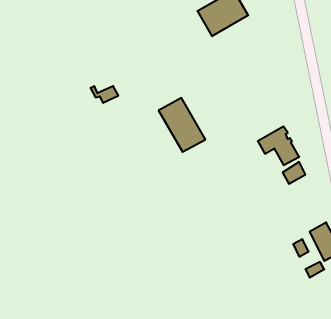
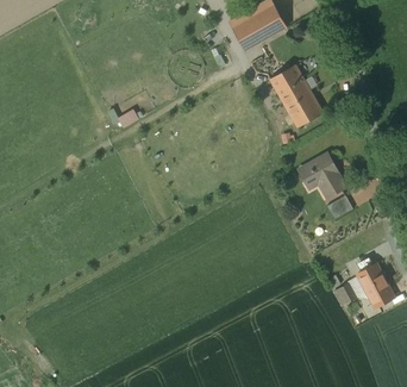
building: [159,98,205,152] -> [270,64,324,126]

